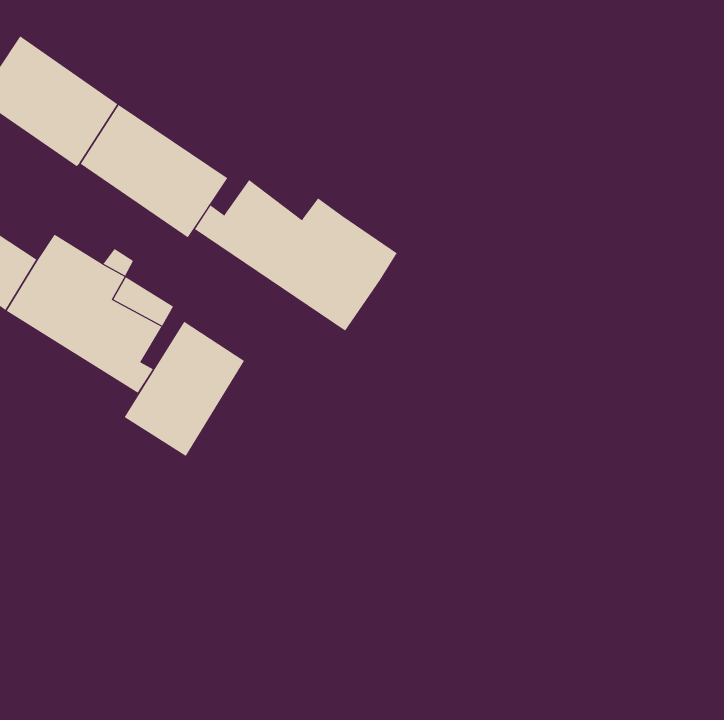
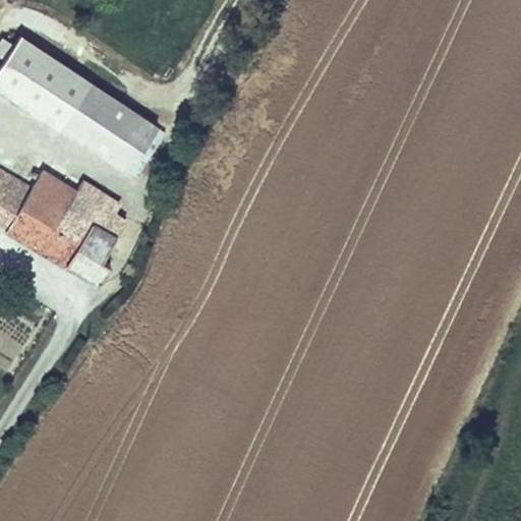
building: [194,179,398,332] -> none
building: [124,321,245,457] -> none

